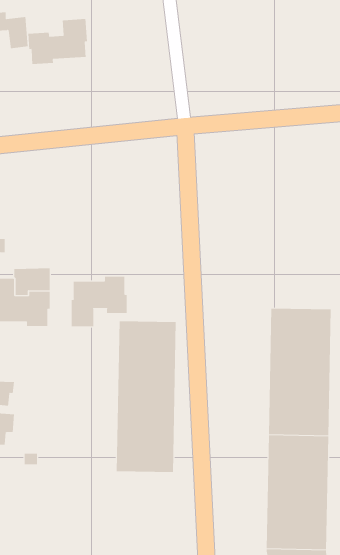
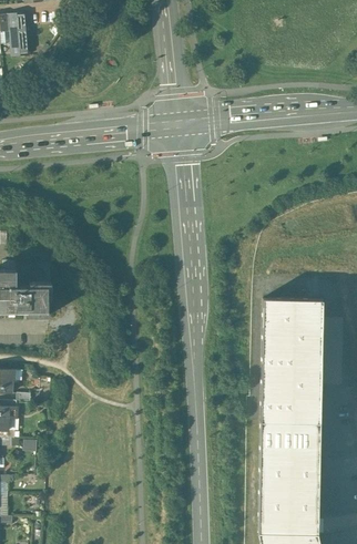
building: [28,18,87,65] -> none
building: [71,276,127,327] -> none
building: [116,321,176,473] -> none

